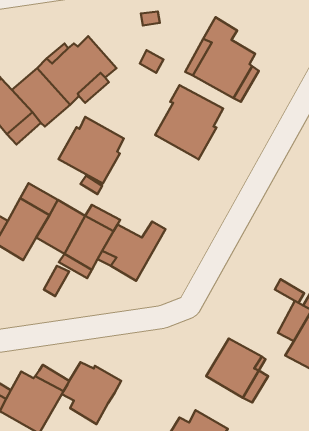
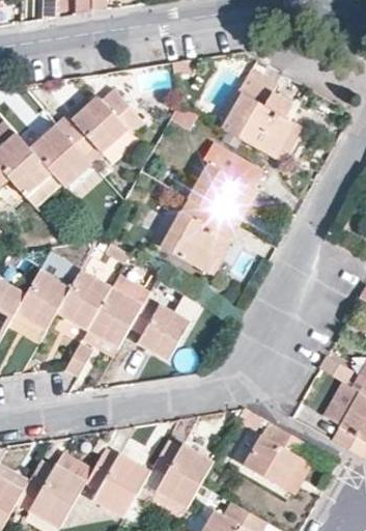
building: [59,117,124,184] -> [161,199,232,273]
building: none -> [143,440,215,508]

